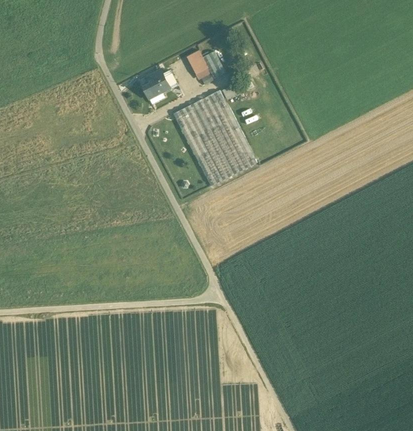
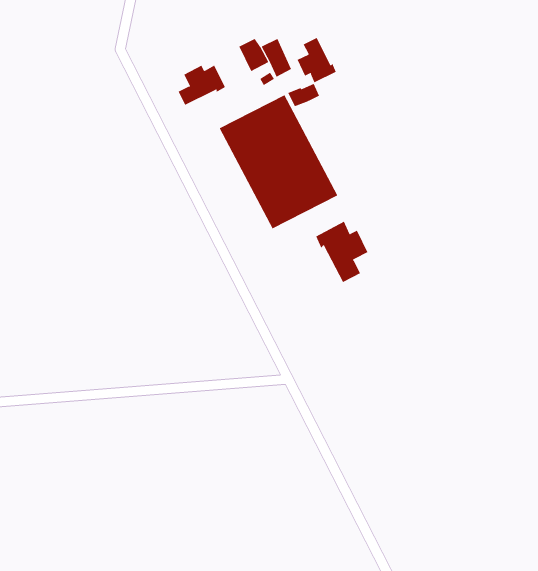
building: none -> [297,37,336,83]
building: none -> [315,221,368,283]

